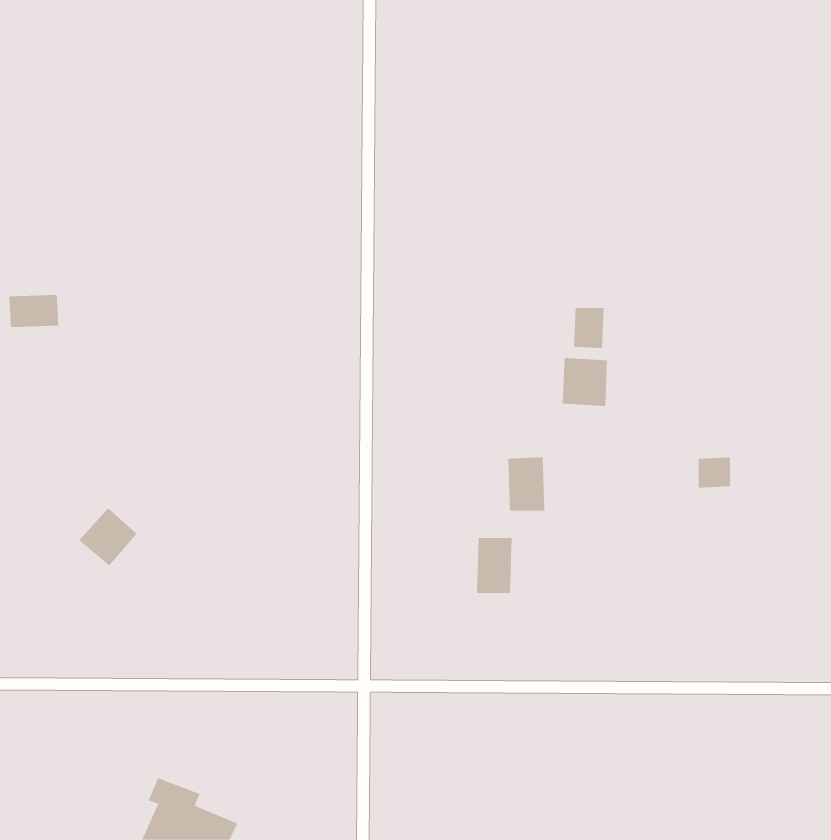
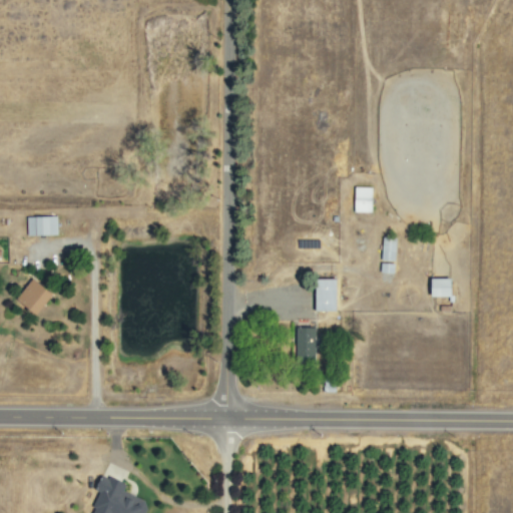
building: [8,295,59,327] -> [28,216,59,236]
building: [562,357,608,407] -> none
building: [78,507,138,567] -> [15,281,51,317]

